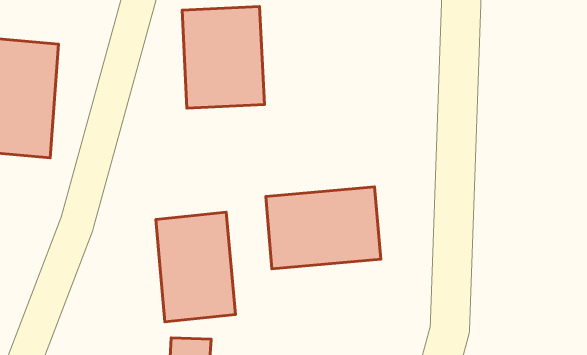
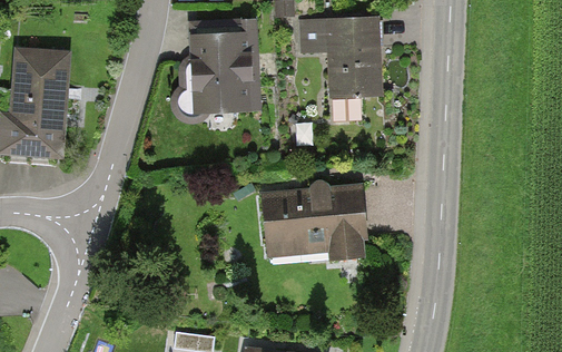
building: none -> [298,20,383,99]
building: [156,212,235,322] -> none

